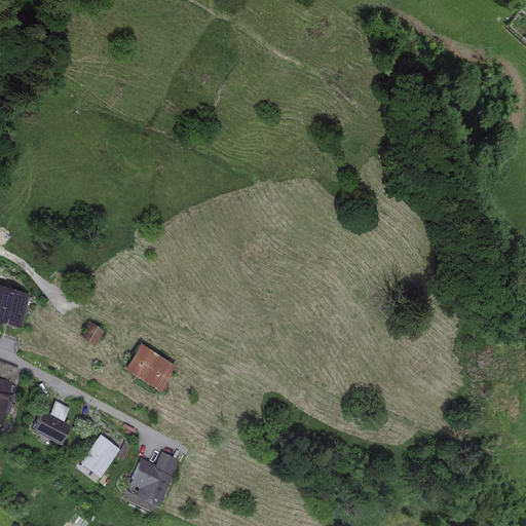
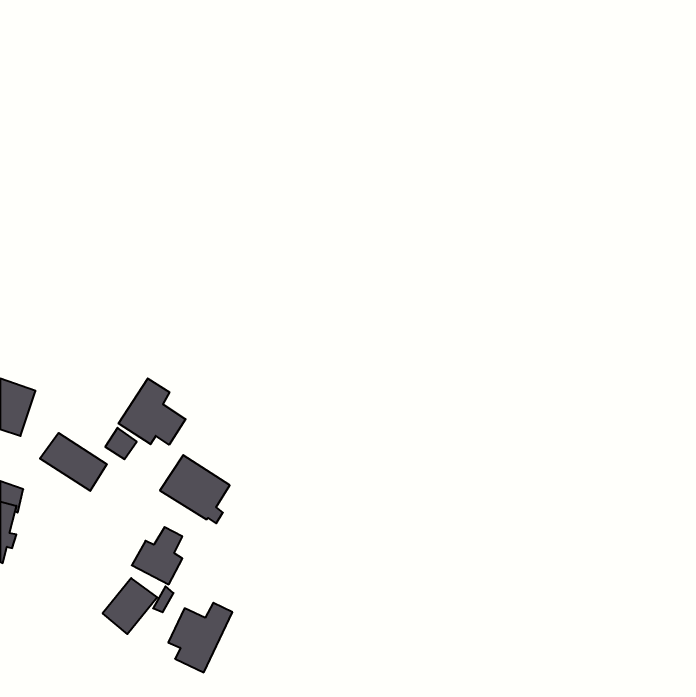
building: none -> [119,378,186,445]
building: none -> [40,433,107,491]
building: [31,402,69,445] -> [132,527,182,584]

